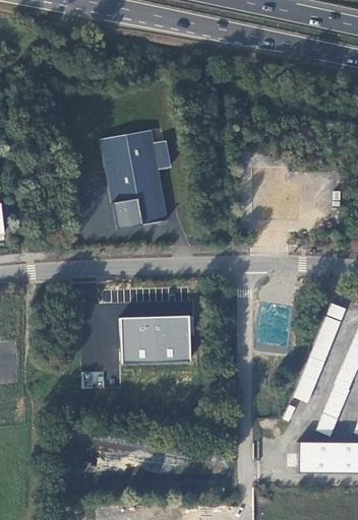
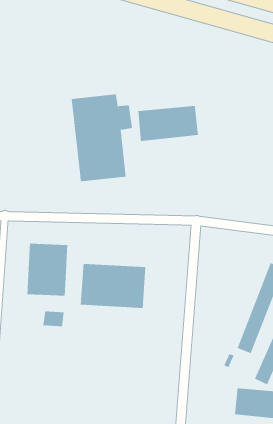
building: none -> [138,105,199,142]
building: none -> [27,243,68,296]

